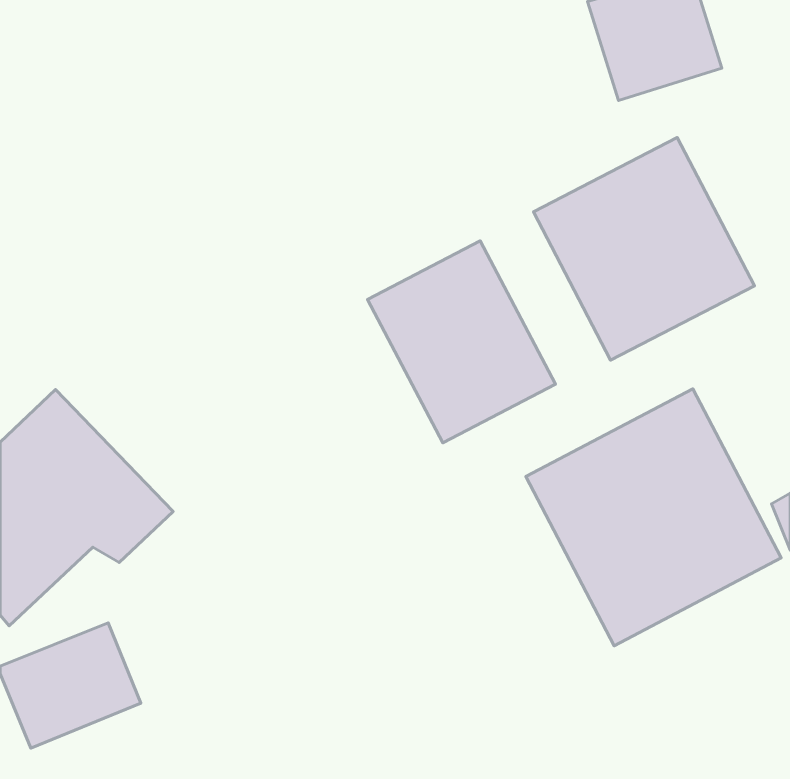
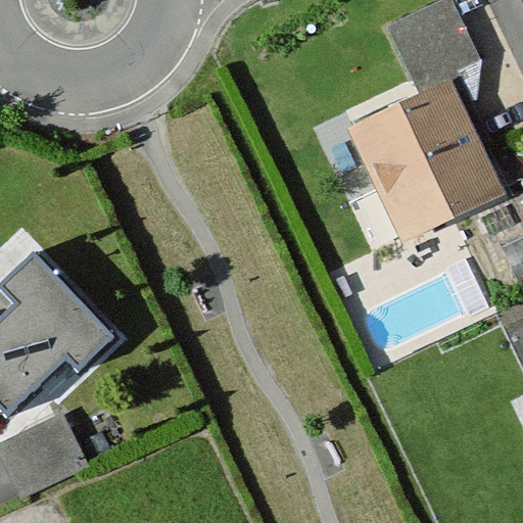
building: [368,241,555,443] -> none
building: [526,389,781,646] -> none

